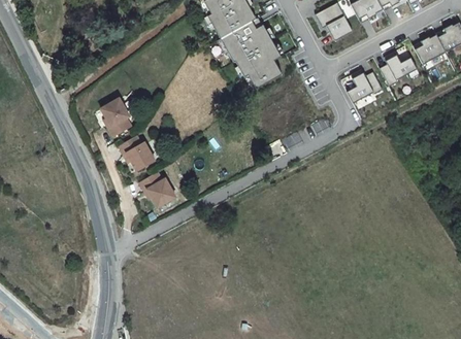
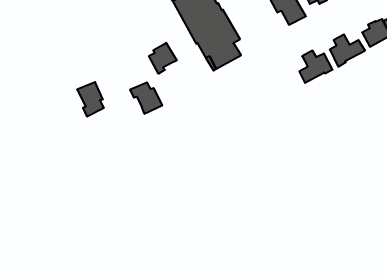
building: none -> [149,43,177,74]
building: [120,141,155,175] -> [130,82,162,114]
building: [140,178,175,213] -> none

